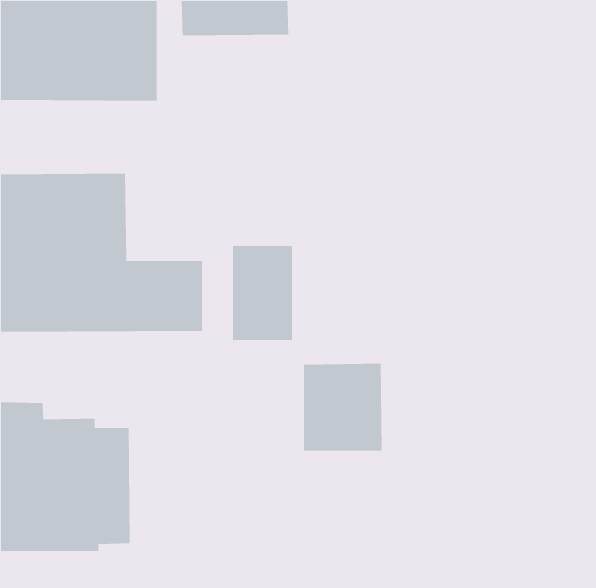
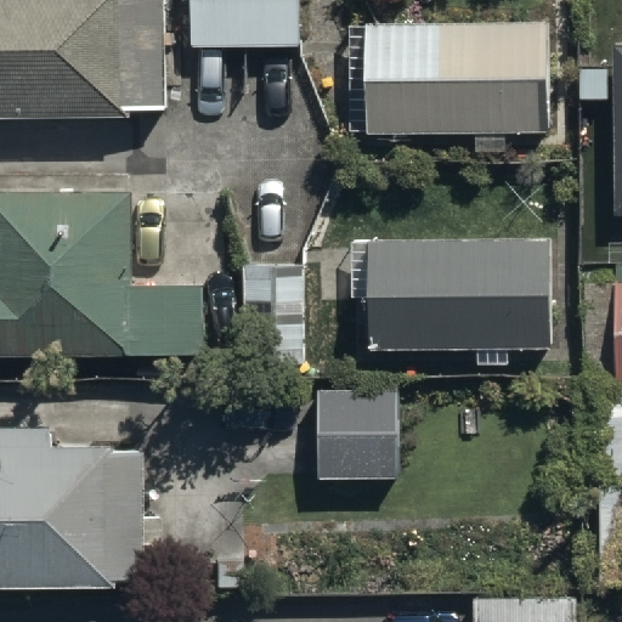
building: none -> [347,21,549,152]
building: none -> [350,237,549,366]

